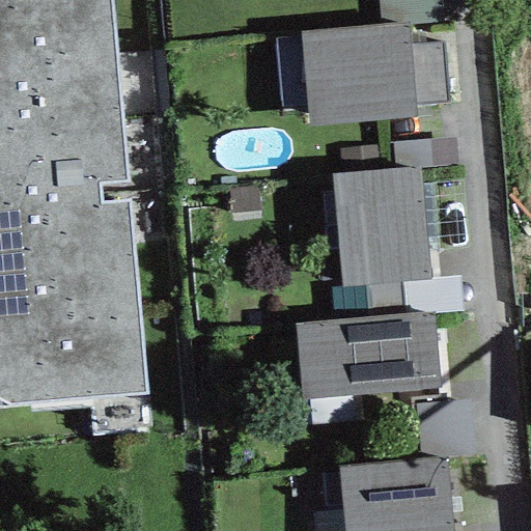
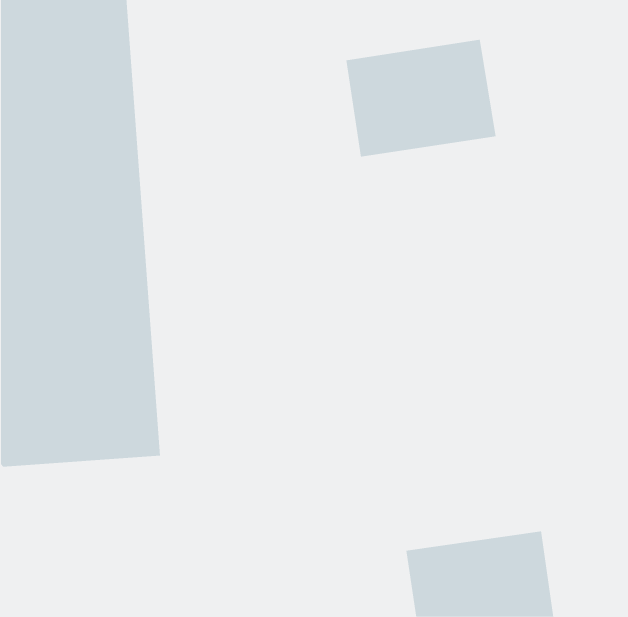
building: [333,167,432,281] -> none
building: [305,315,454,402] -> none

